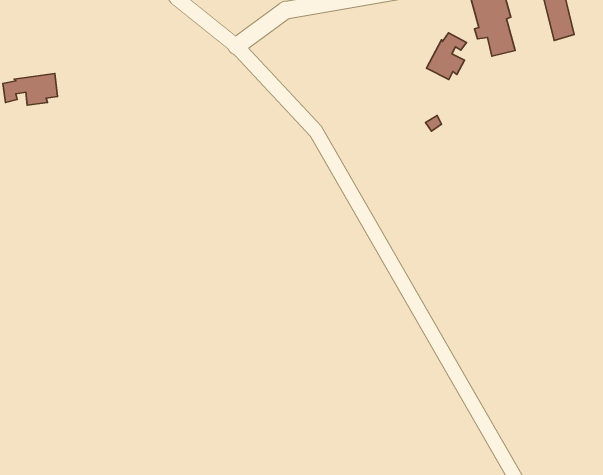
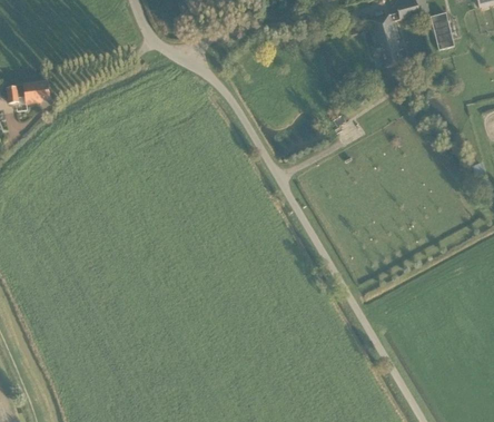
building: [426,33,466,80] -> none

